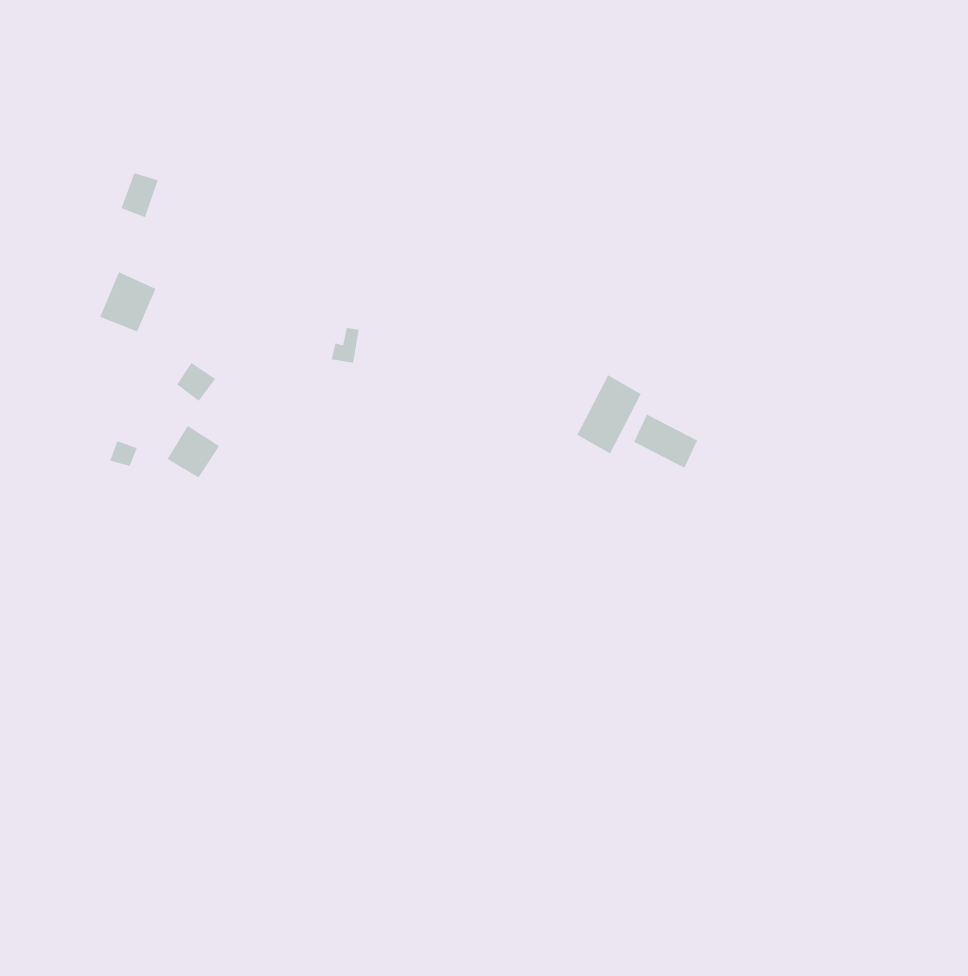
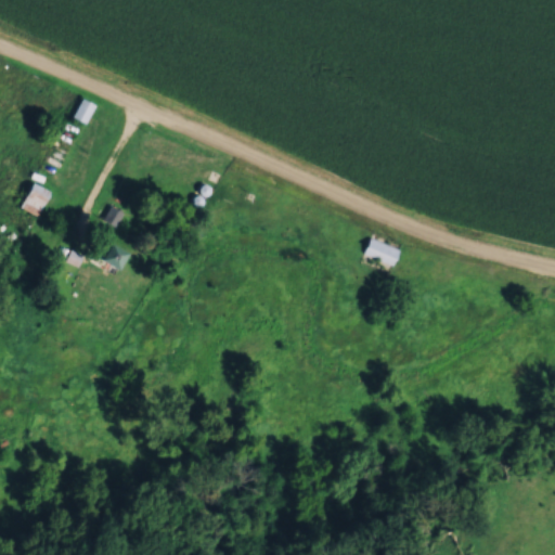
building: [99,271,157,332] -> [21,182,53,217]
building: [576,374,642,455] -> none

